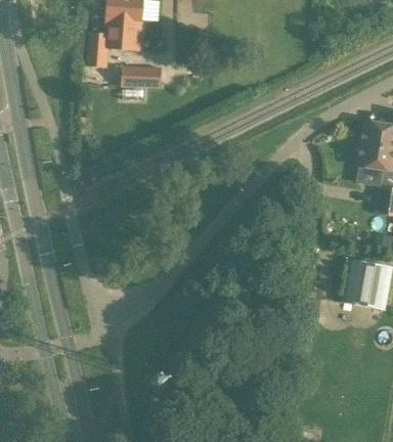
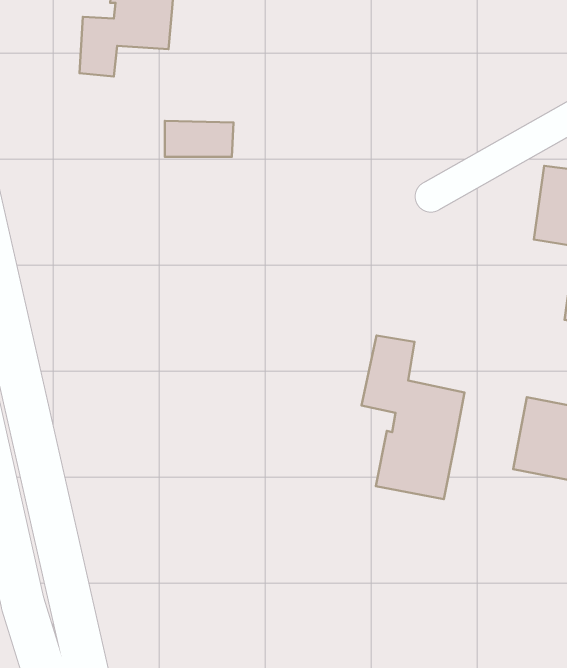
building: [121,65,162,87] -> [165,121,233,157]
building: none -> [362,335,465,499]

